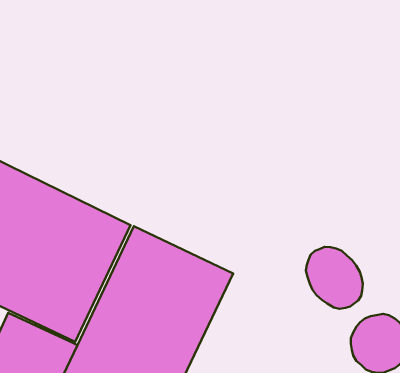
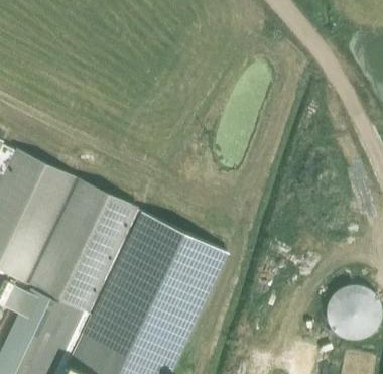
building: [306,247,363,309] -> none

